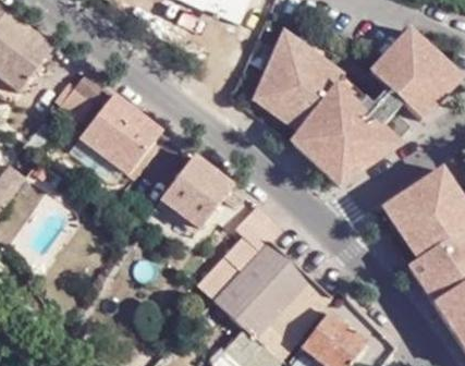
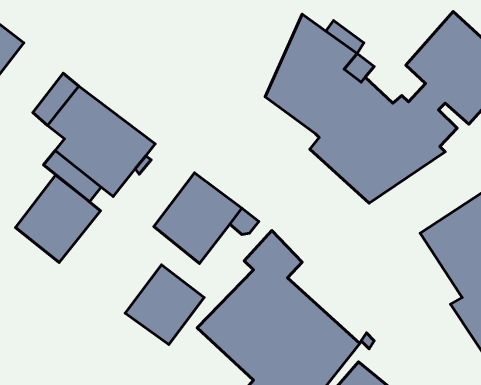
building: none -> [15,175,101,262]
building: none -> [125,265,204,344]

